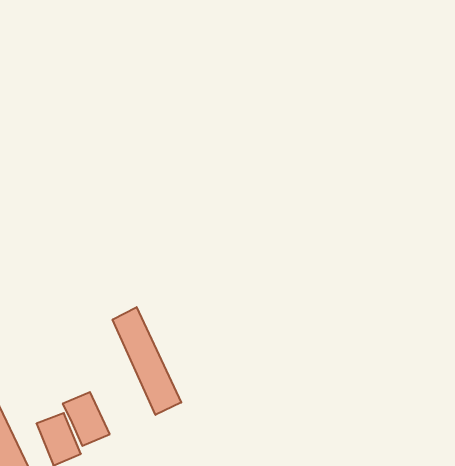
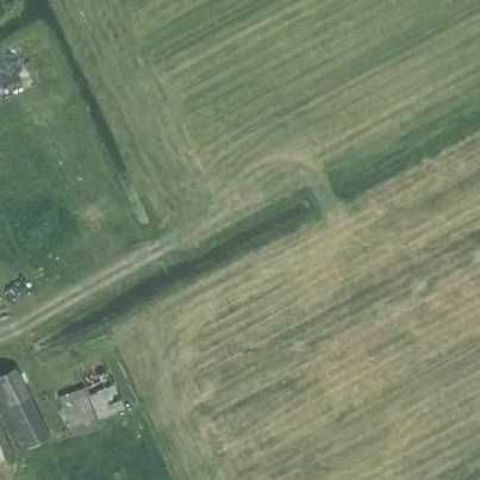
building: [113,307,181,415] -> none

